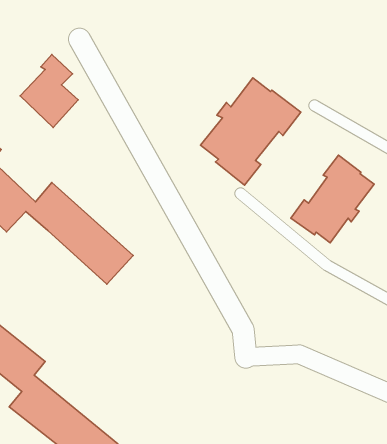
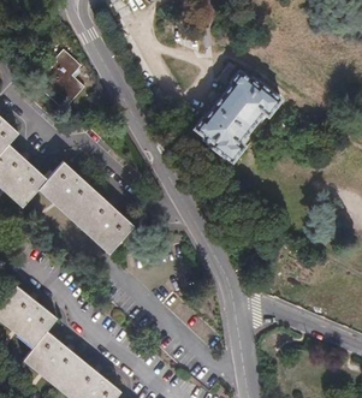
building: [291,155,374,243] -> none

